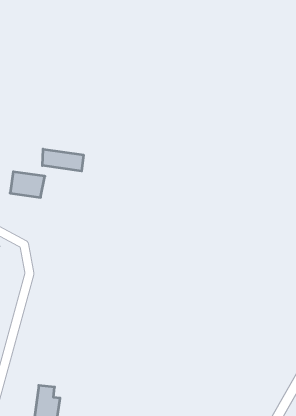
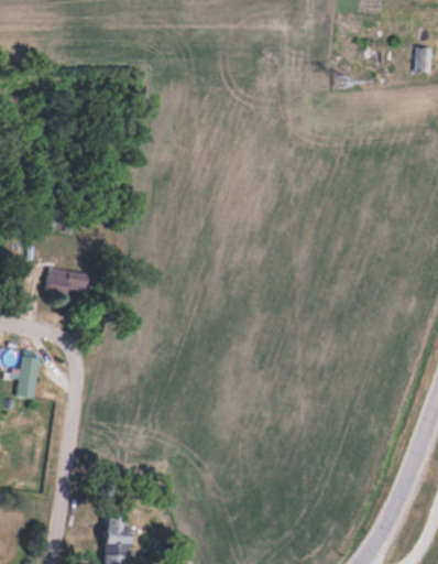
building: [42,149,83,171] -> none

